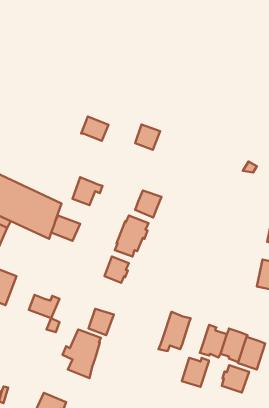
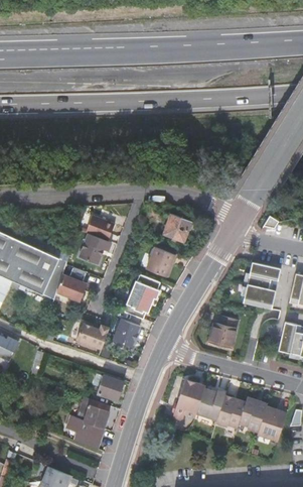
building: [81,117,108,141] -> [85,215,114,241]
building: [135,125,160,150] -> [164,214,191,241]
building: none -> [242,262,280,309]
building: none -> [208,317,236,349]
building: [29,295,60,318] -> [75,324,109,349]
building: [182,358,209,387] -> [196,388,225,419]
building: [222,365,249,393] -> none

